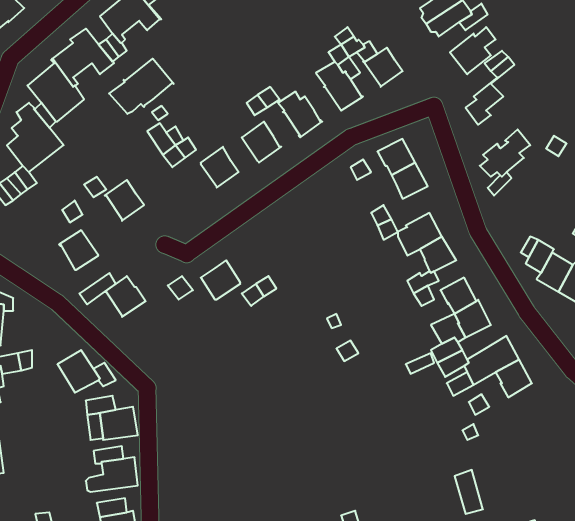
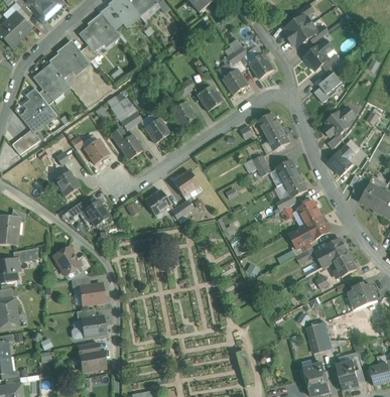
building: [109,59,174,114] -> none
building: none -> [110,128,142,159]
building: none -> [327,143,354,175]
building: none -> [172,170,201,196]
building: none -> [346,283,377,309]

